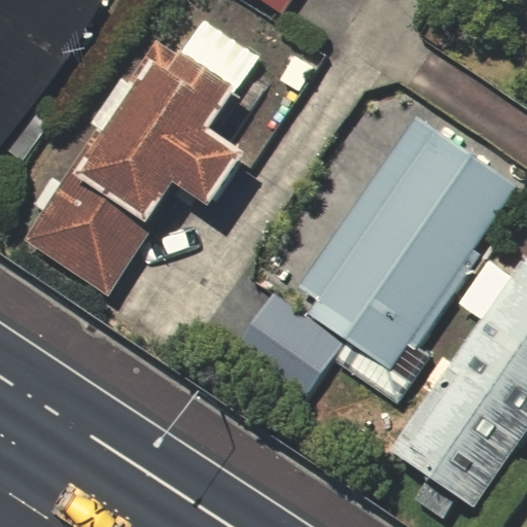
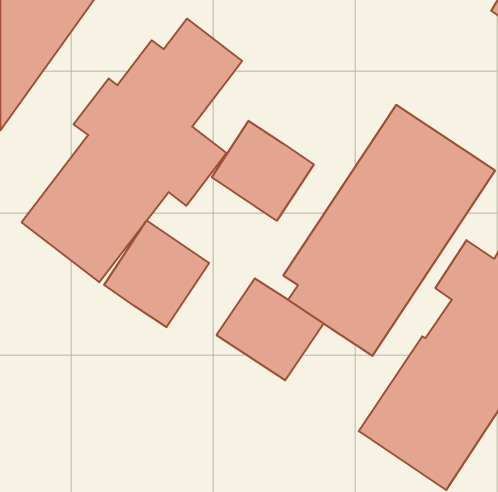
building: none -> [212,121,314,221]
building: none -> [104,221,209,327]

